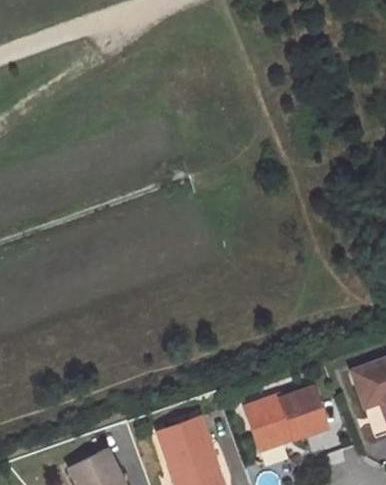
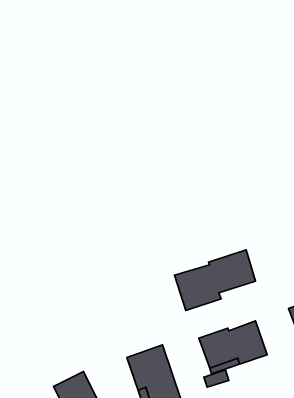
building: none -> [174,250,256,310]

